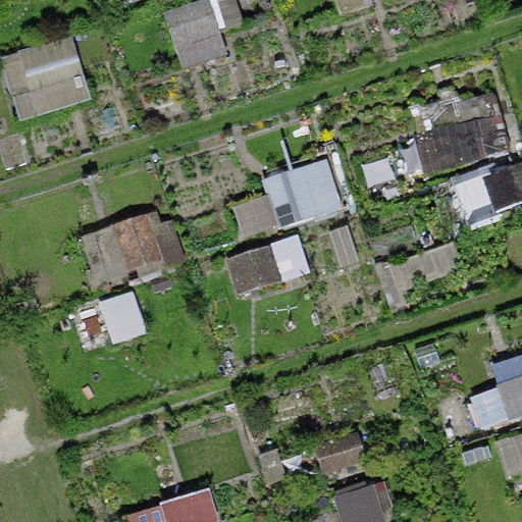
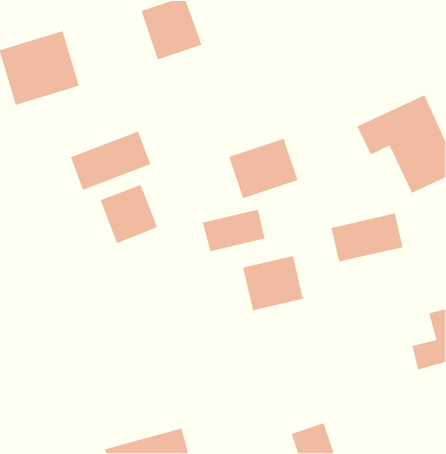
building: none -> [70,131,152,191]
building: none -> [242,255,304,311]

